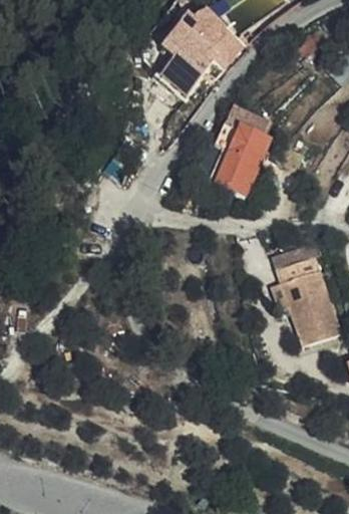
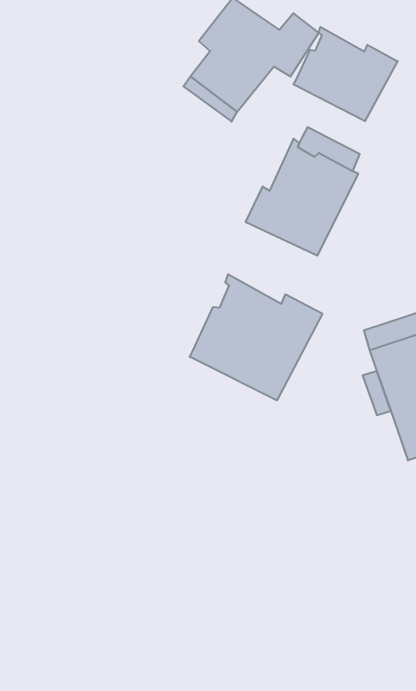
building: none -> [294,27,398,121]
building: none -> [190,274,322,400]

